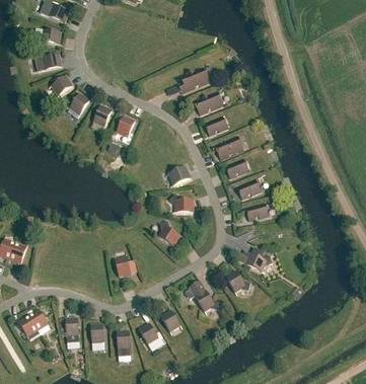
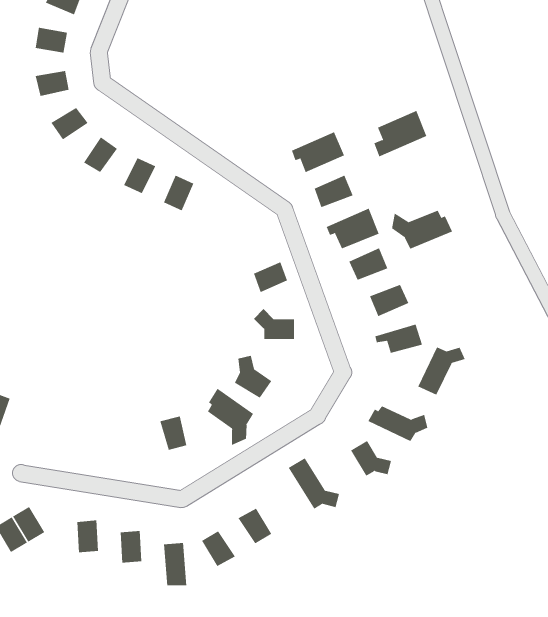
building: [178,65,210,92] -> [374,110,427,157]
building: none -> [392,210,453,249]
building: none -> [418,346,465,396]
building: none -> [207,388,254,446]

